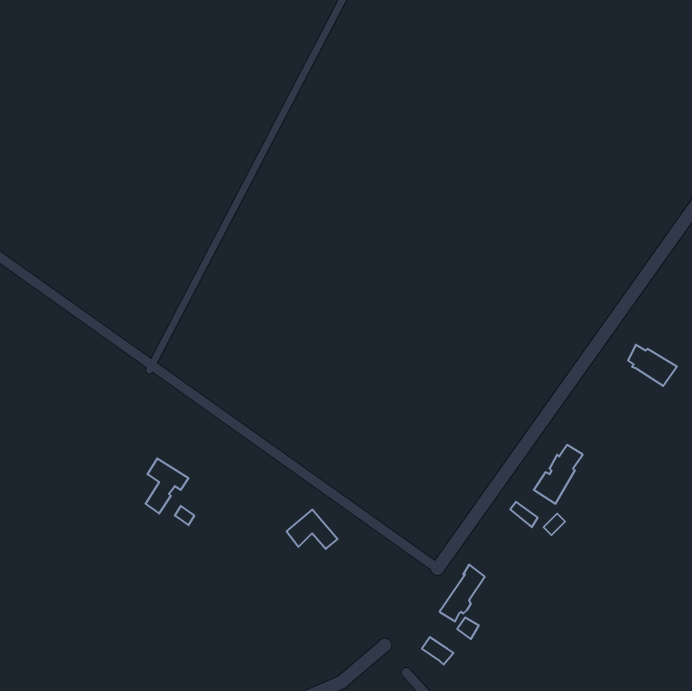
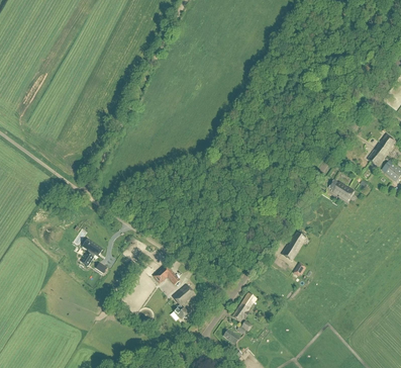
building: none -> [173,284,195,319]

